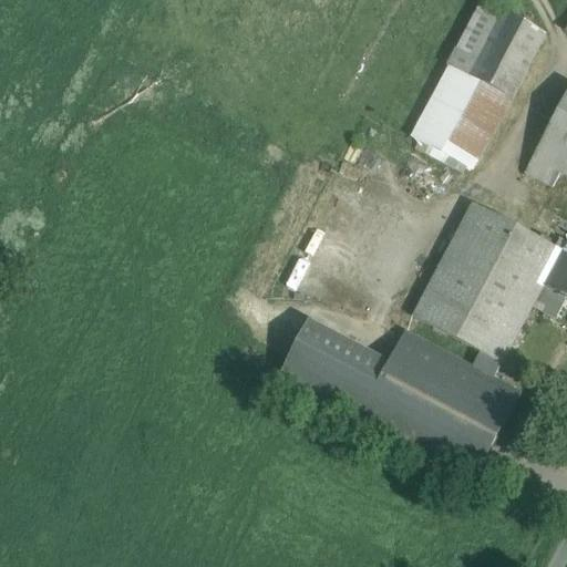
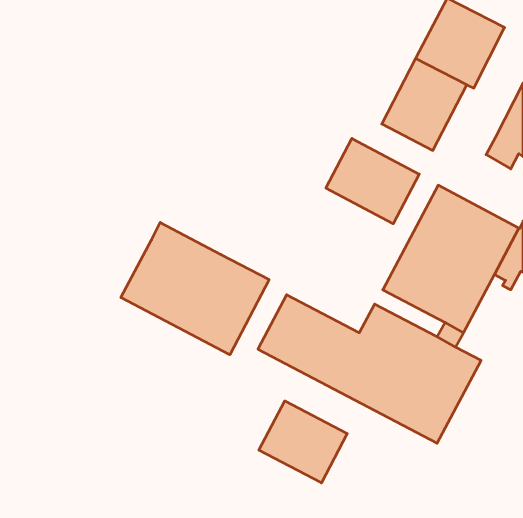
building: none -> [326,138,419,224]
building: none -> [121,222,269,355]
building: none -> [259,401,347,483]

